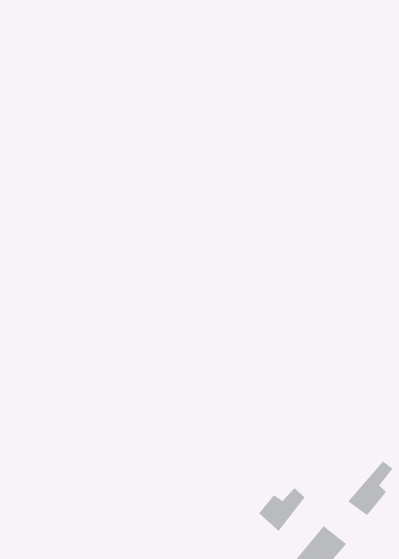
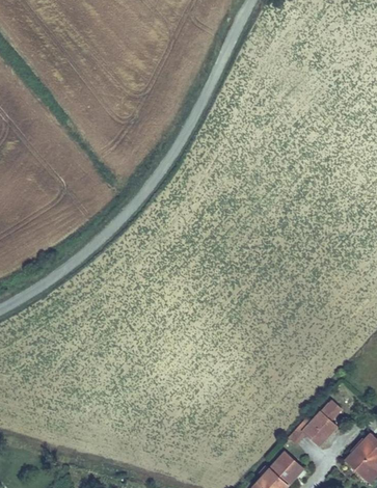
building: [258,488,306,532] -> none

